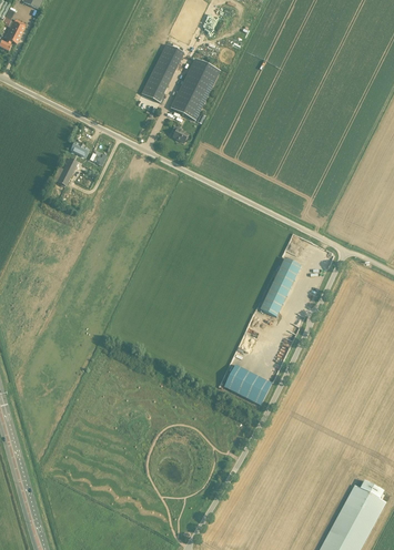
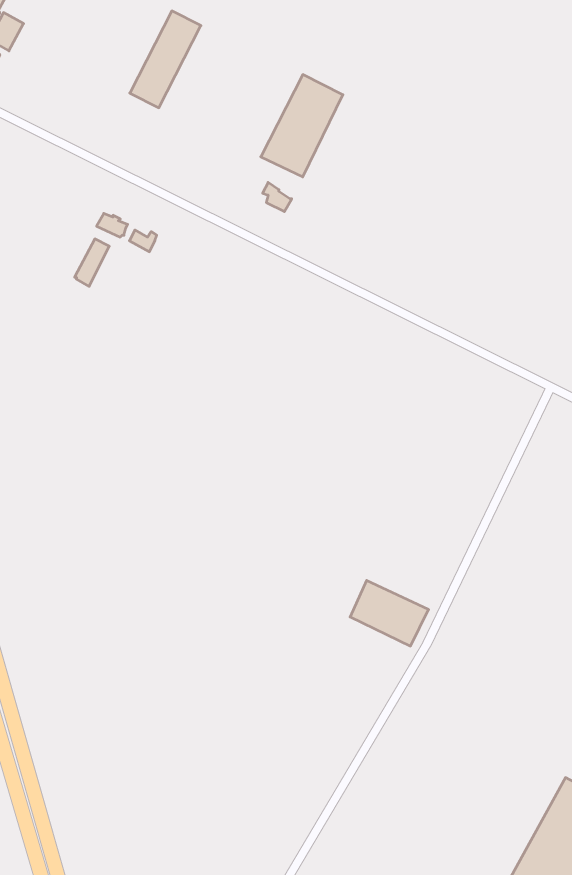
building: [140,43,183,102] -> [130,11,201,108]
building: [261,256,301,316] -> none

